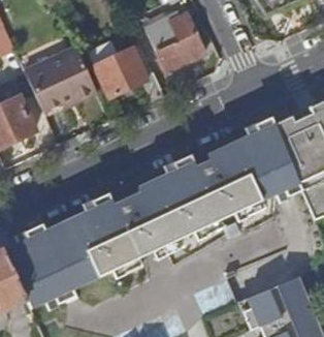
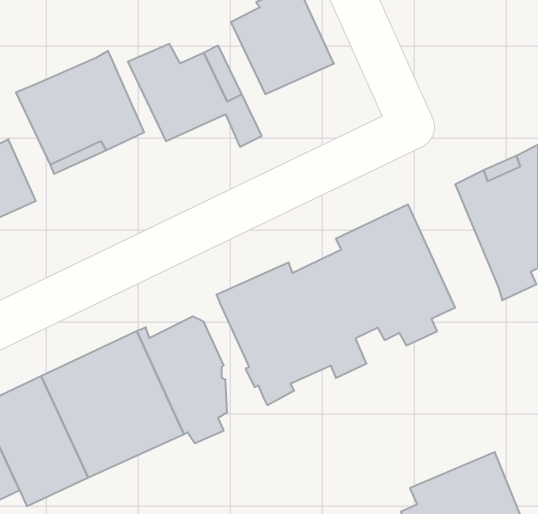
building: [248,123,299,193] -> none
building: [125,191,165,253] -> none

